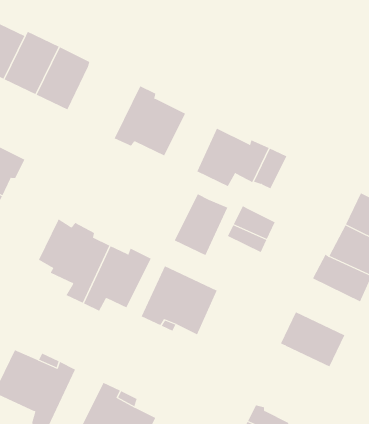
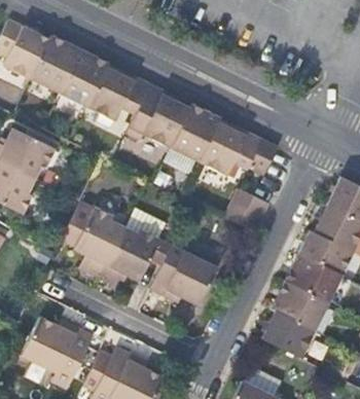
building: none -> [87,68,150,119]
building: [174,194,228,256] -> [172,105,219,159]
building: none -> [286,253,343,302]
building: none -> [263,312,316,357]

